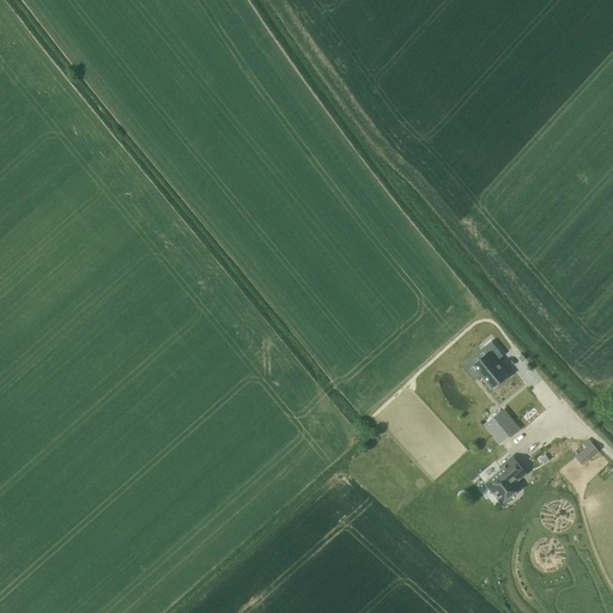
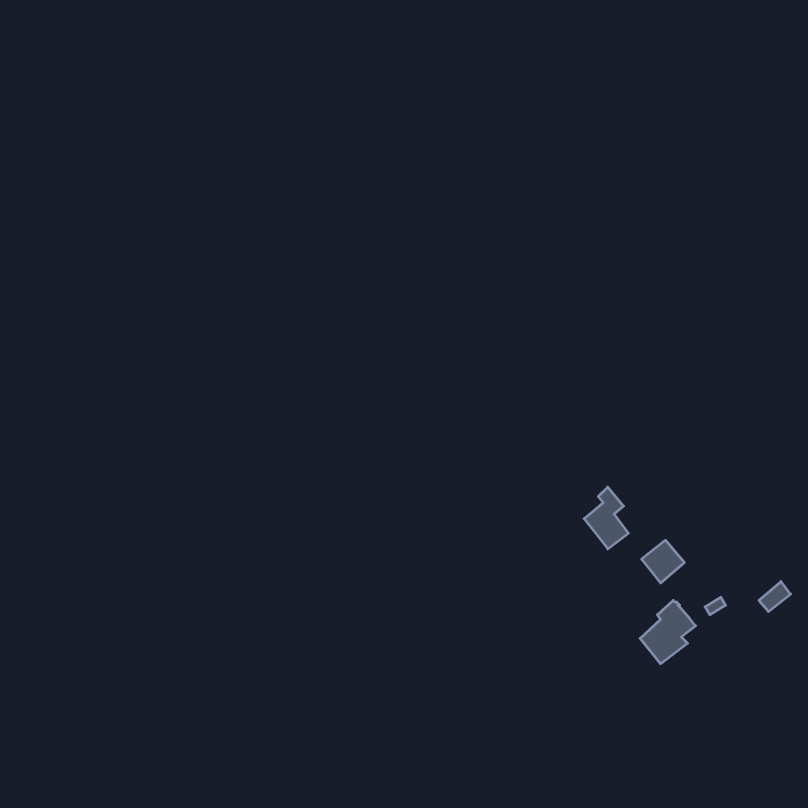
building: [475,346,509,393] -> [584,487,628,549]

